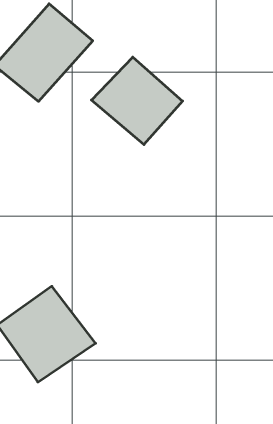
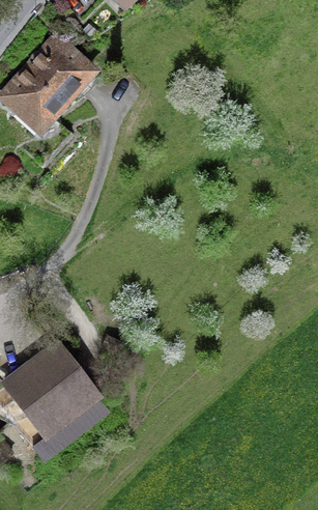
building: [91,57,183,145] -> none

